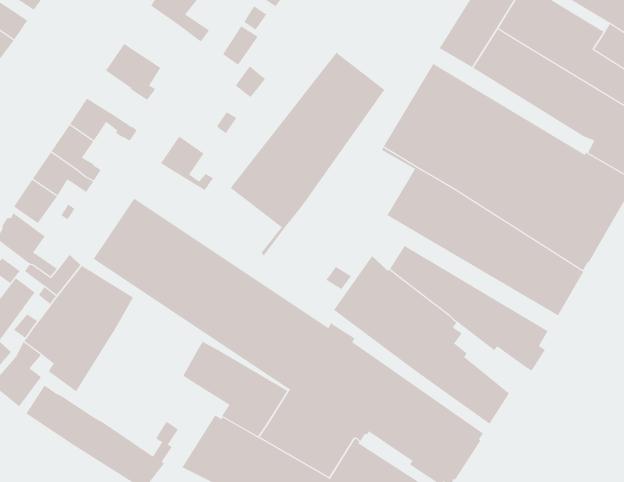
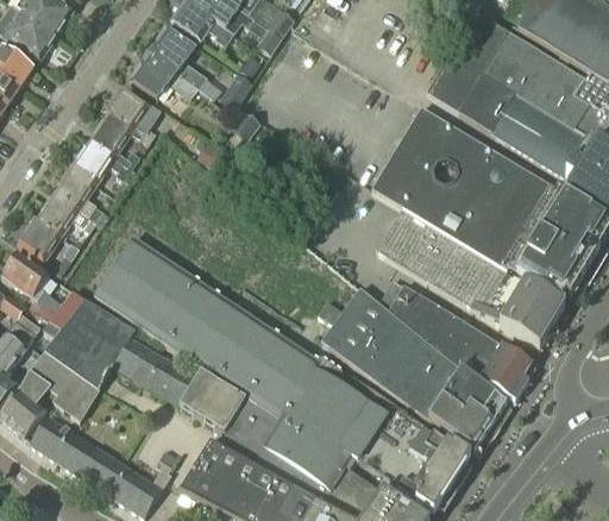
building: none -> [130,54,197,98]
building: [230,52,386,256] -> none
building: [160,136,214,191] -> [88,115,139,168]
building: none -> [114,338,196,404]
building: none -> [439,356,506,423]

